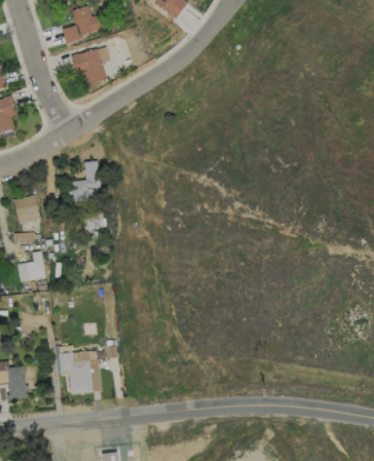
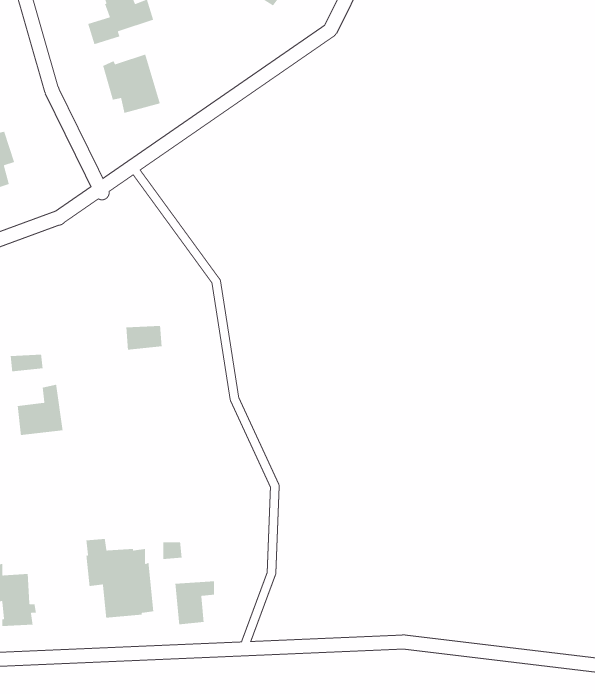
building: [70,160,101,201] -> none
building: [14,195,40,224] -> none
building: none -> [174,580,215,625]

